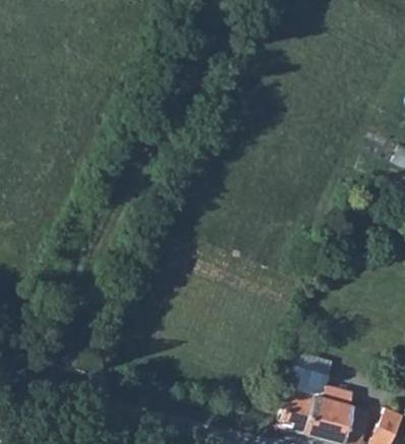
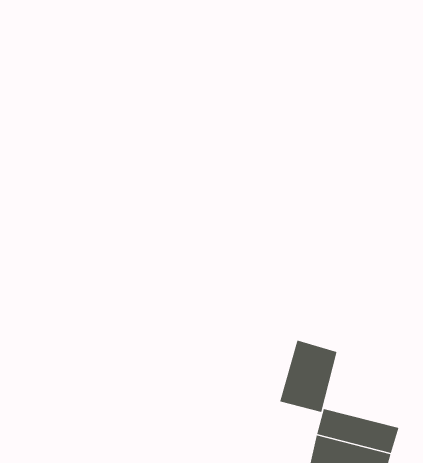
building: none -> [279,340,337,413]

